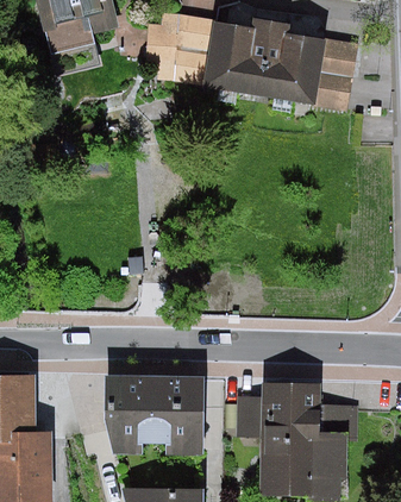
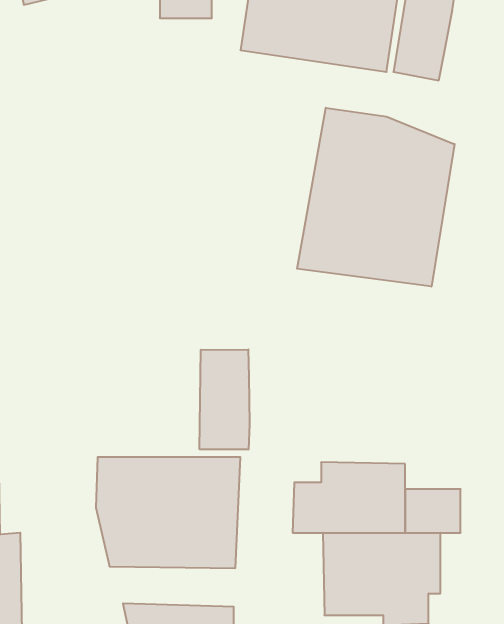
building: none -> [297,108,455,287]
building: none -> [200,349,249,449]

